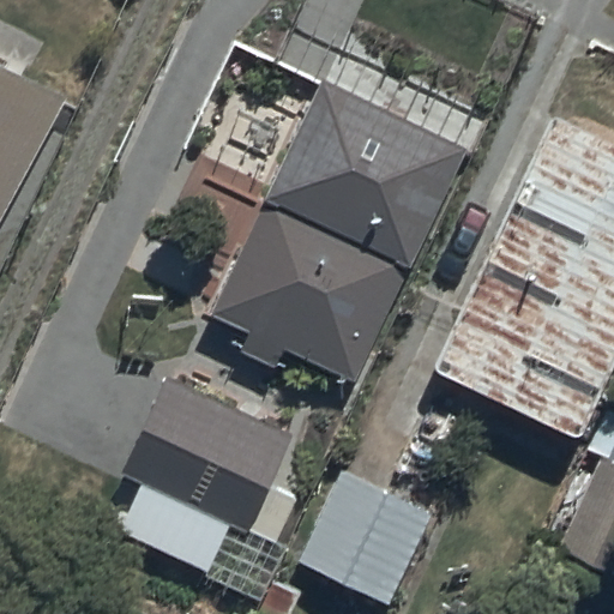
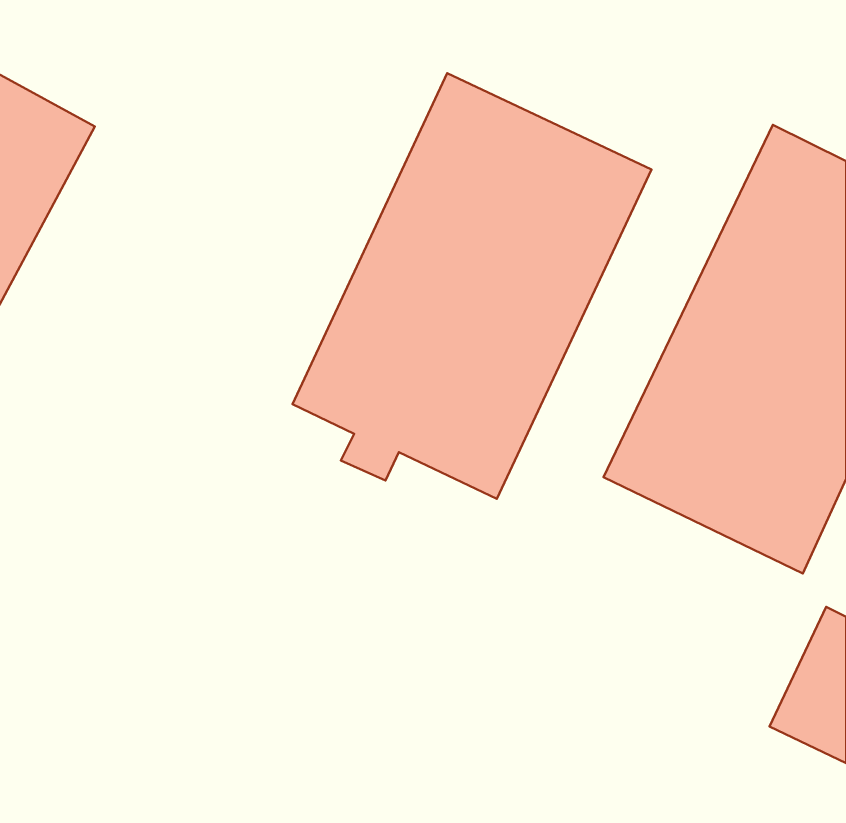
building: [118,377,299,579] -> none
building: [301,469,434,603] -> none

